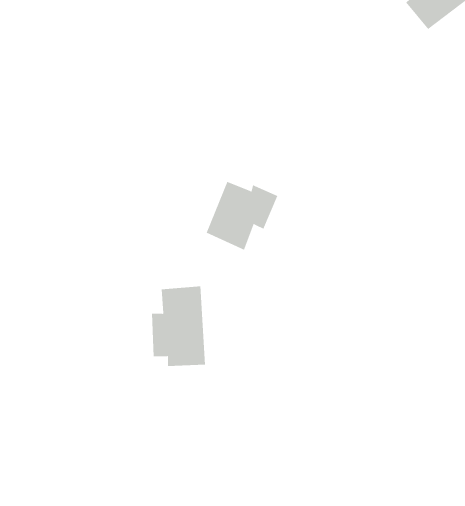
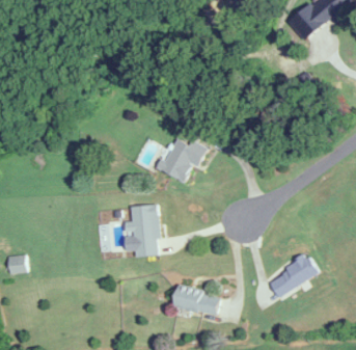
building: none -> [267,254,318,295]
building: none -> [171,286,219,315]

